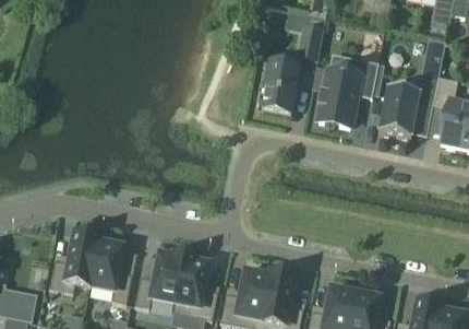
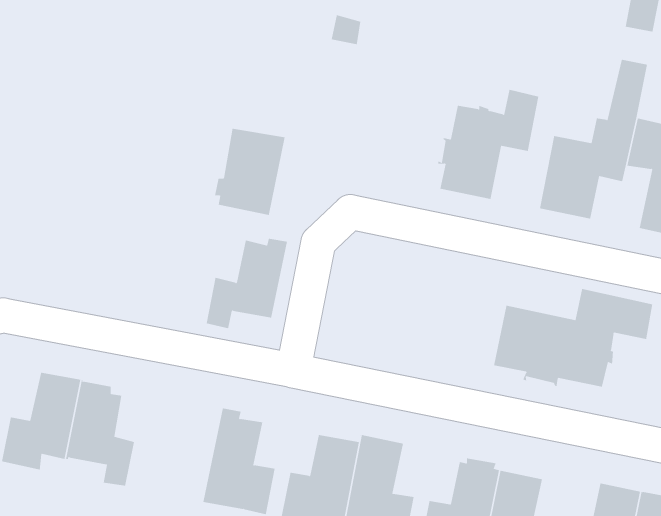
building: [299,23,323,57] -> none
building: [257,59,301,113] -> [214,128,285,216]
building: none -> [494,288,653,388]
building: [135,250,185,306] -> [206,238,288,329]

